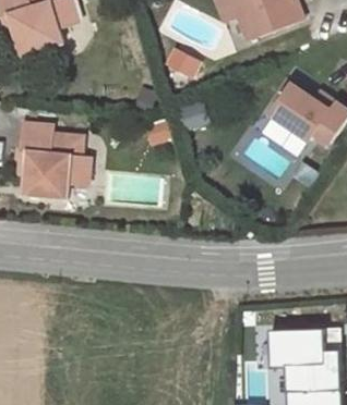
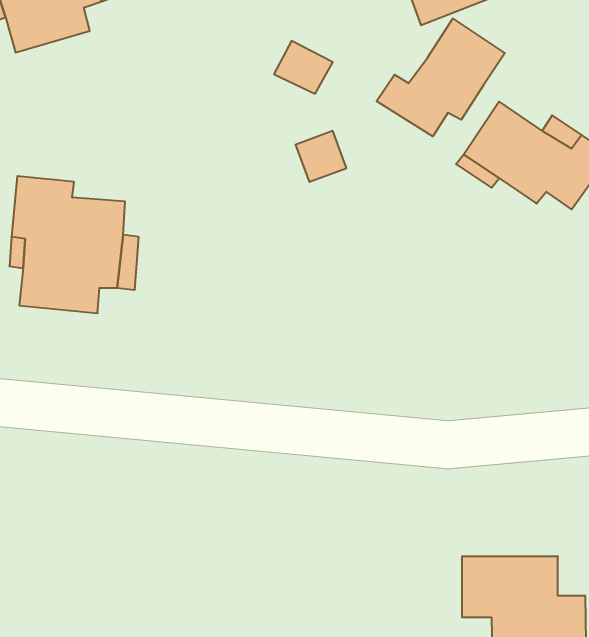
building: none -> [377,18,505,136]

